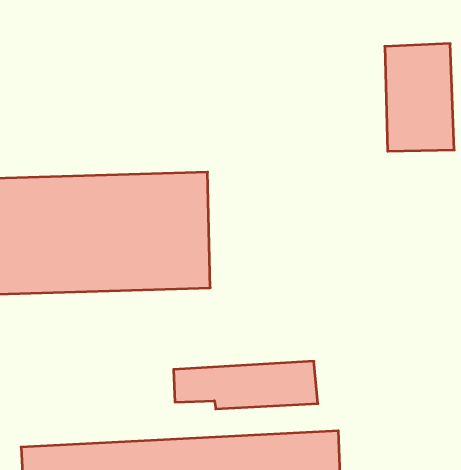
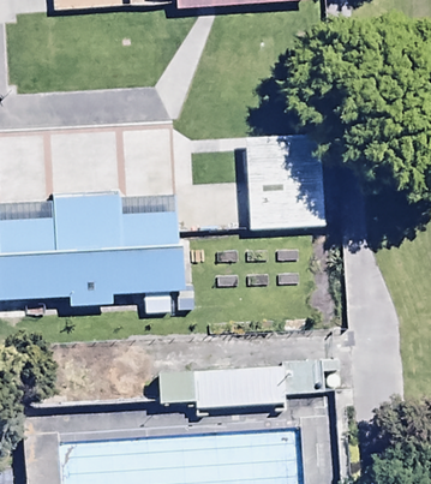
building: [385,44,454,151] -> [249,133,310,228]

